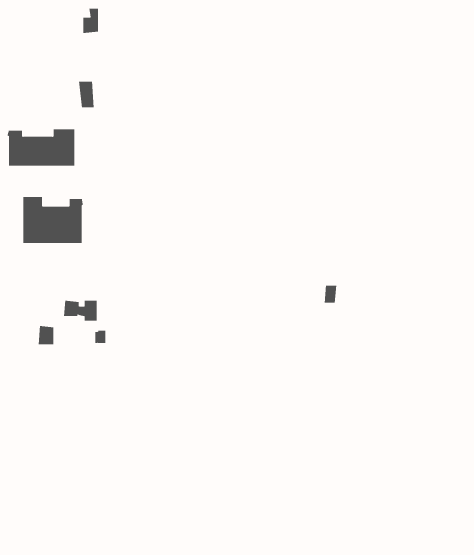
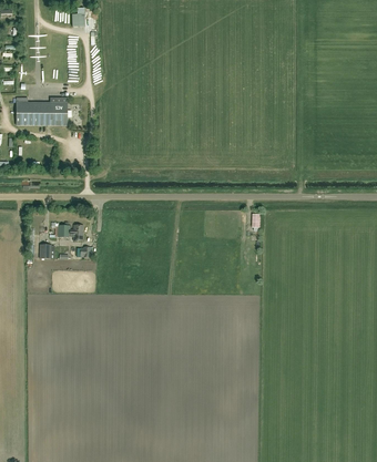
building: [23,196,84,244] -> none

